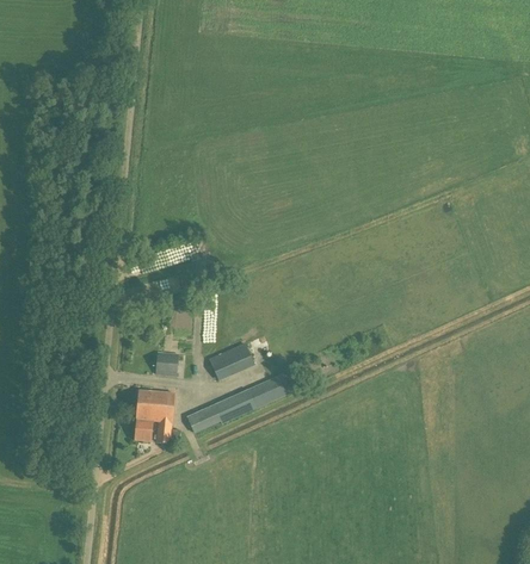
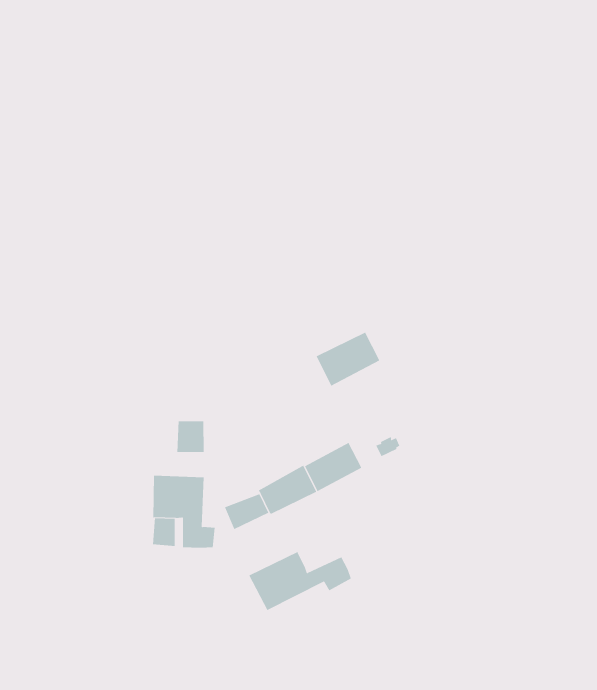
building: [209,342,255,380] -> [316,332,380,387]
building: none -> [249,551,351,611]

